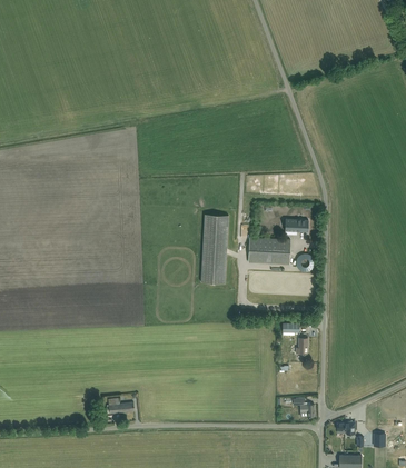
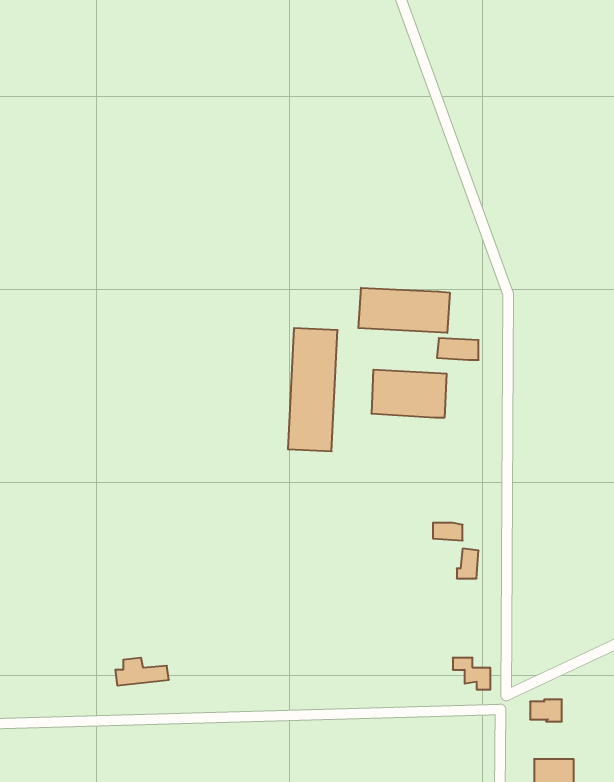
building: none -> [358,288,450,333]

